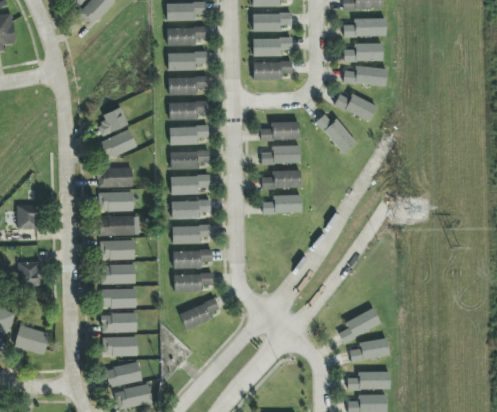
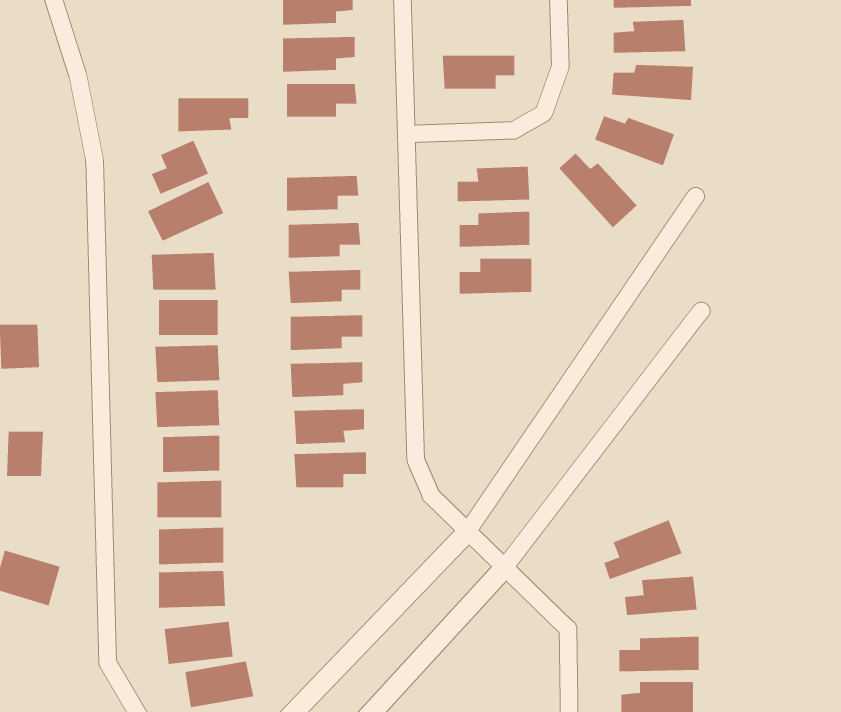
building: [253,38,292,56] -> none
building: [170,102,208,120] -> [178,98,249,132]
building: [262,195,302,213] -> none
building: [179,299,219,330] -> none

